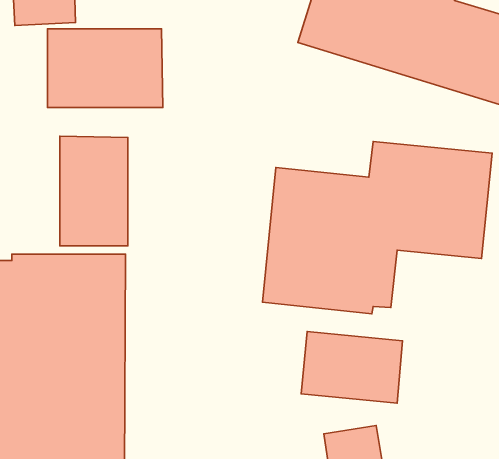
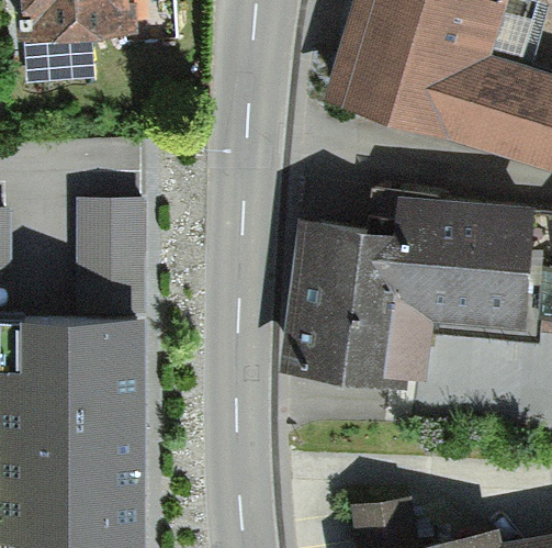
building: [47,29,163,107] -> none
building: [301,331,402,403] -> none

